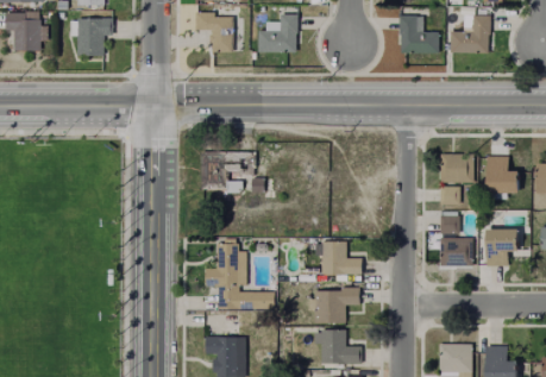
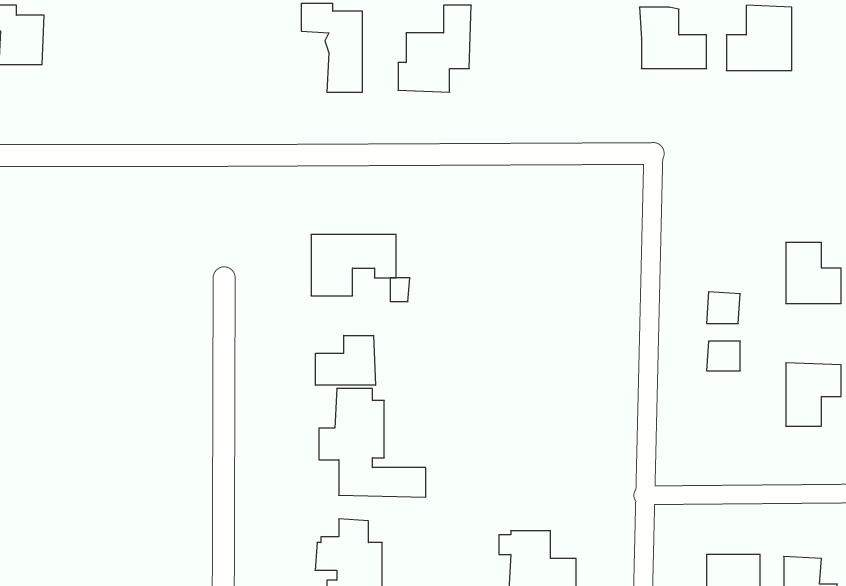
building: [71,18,113,56] -> none
building: [441,153,473,182] -> none
building: none -> [316,335,376,385]
building: [440,238,473,265] -> none
building: [316,241,363,275] -> none
building: [310,288,360,322] -> none

